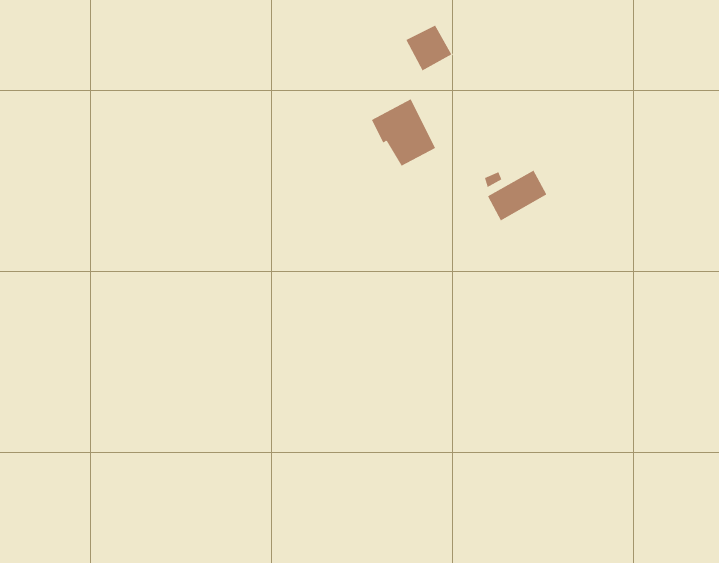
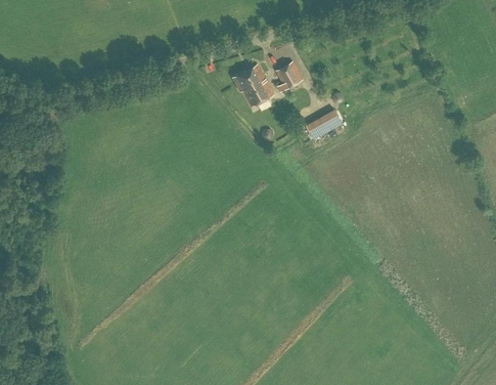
building: [406,25,452,71] -> [276,60,305,89]

